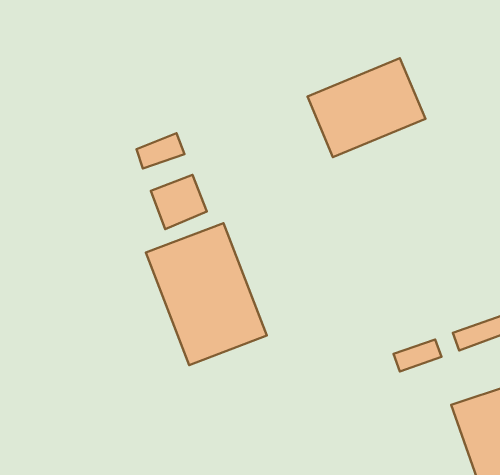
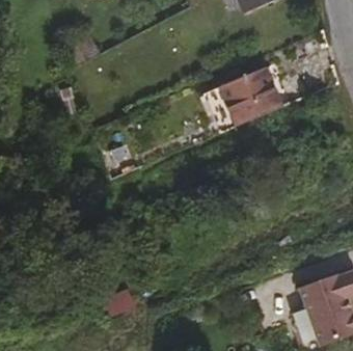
building: [146,223,267,365] -> none

